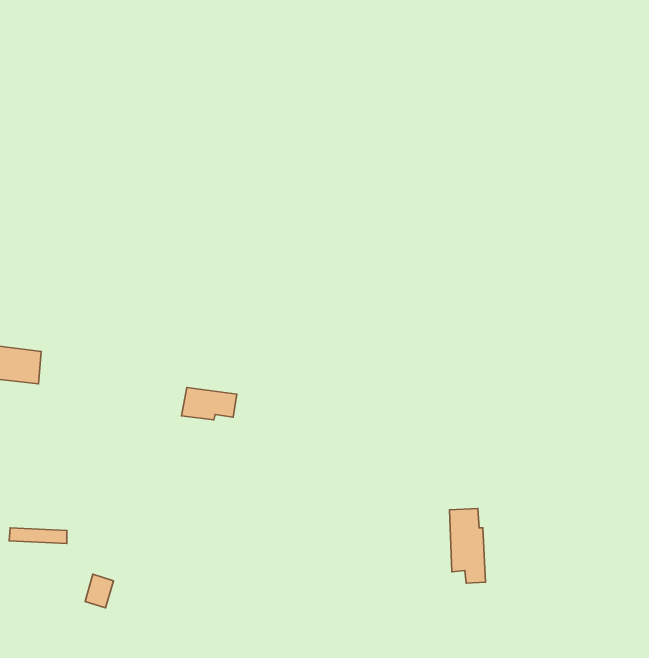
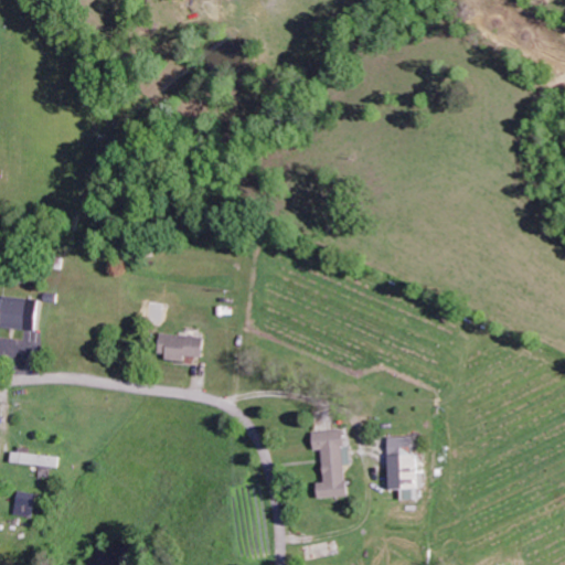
building: none -> [310,429,344,497]
building: [85,574,113,608] -> [10,490,34,519]

